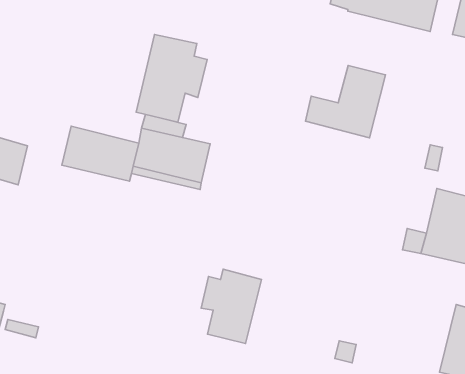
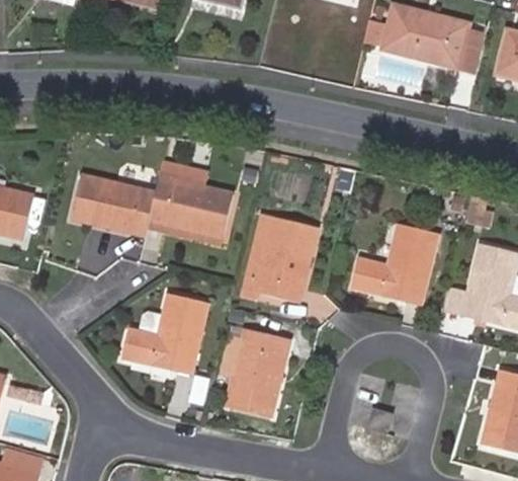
building: [136,35,207,122] -> none
building: [306,66,385,138] -> [352,225,439,304]
building: none -> [240,213,319,303]
building: none -> [123,294,207,373]

